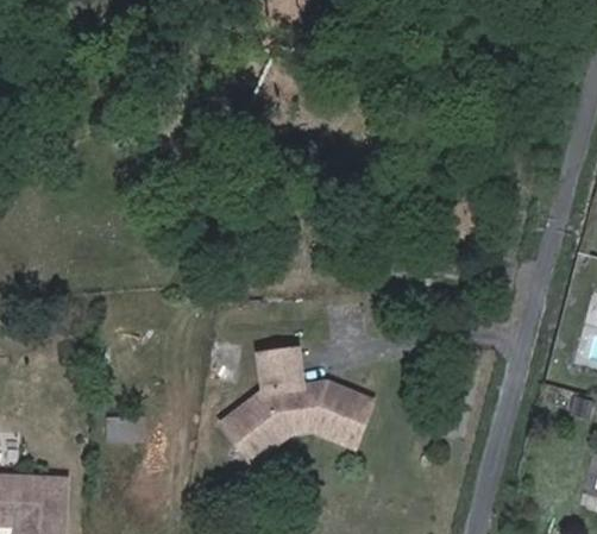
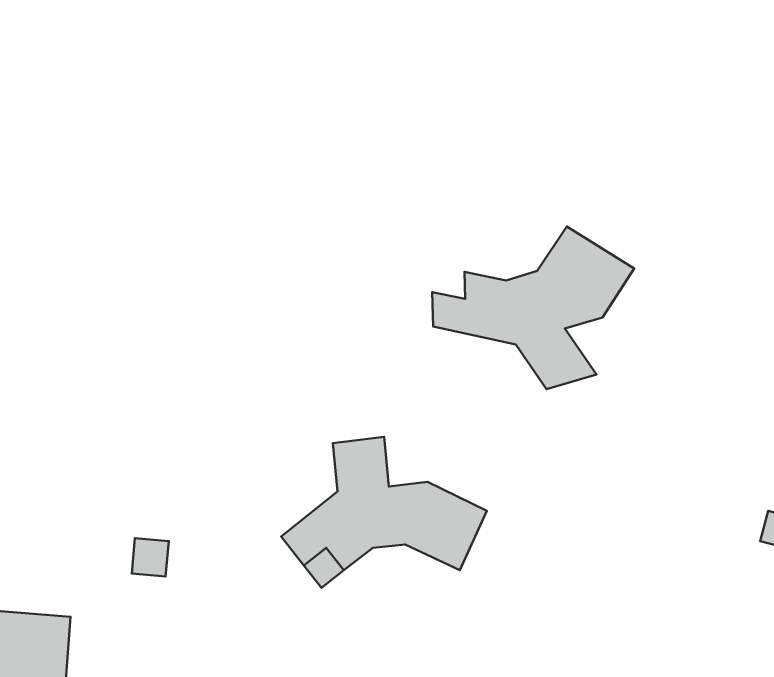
building: none -> [432,226,634,389]

